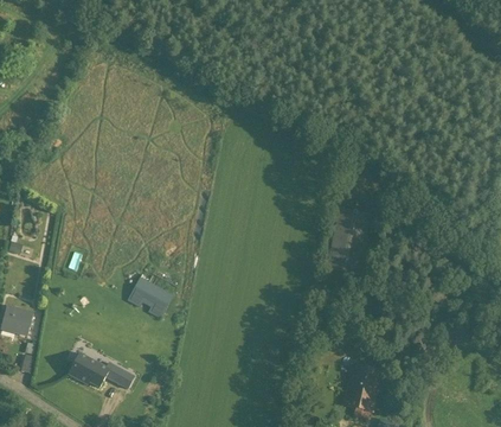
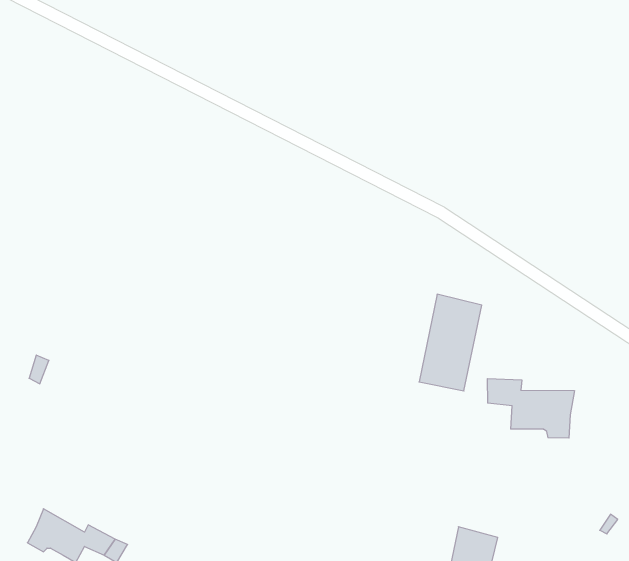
building: none -> [487,379,574,438]
building: [128,278,171,317] -> none

